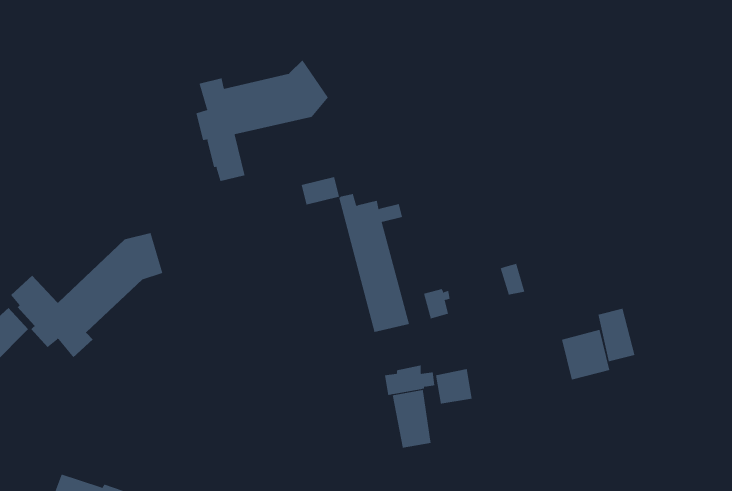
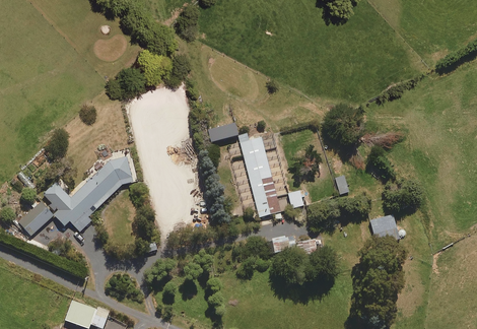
building: [196,59,329,182] -> none
building: [598,308,635,362] -> none
building: [392,389,431,449] -> none

